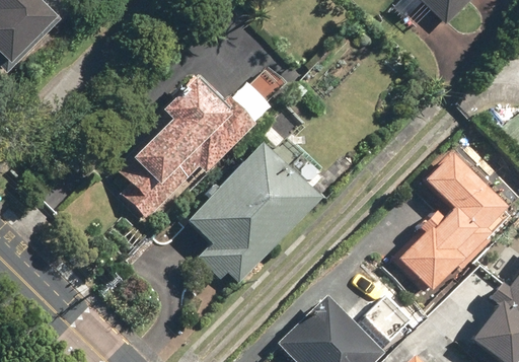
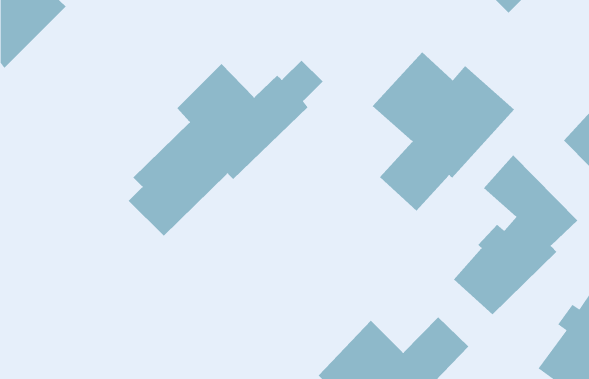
building: none -> [372,52,515,211]
building: [186,129,320,284] -> none

